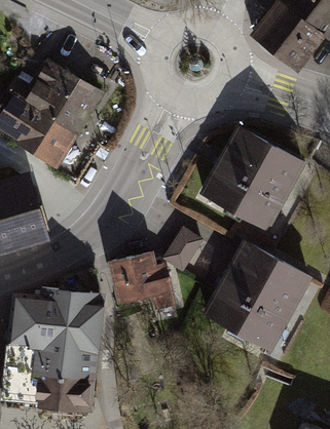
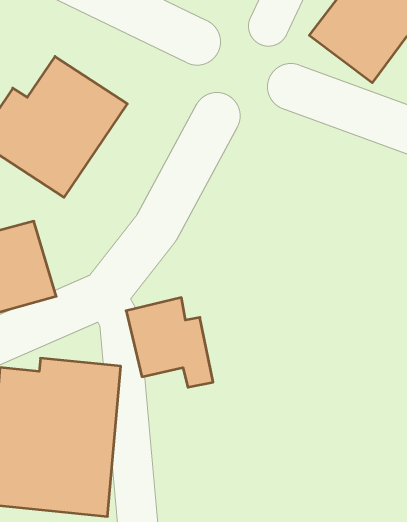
building: [198,126,301,231] -> none
building: [163,228,203,270] -> none
building: [205,244,308,348] -> none

